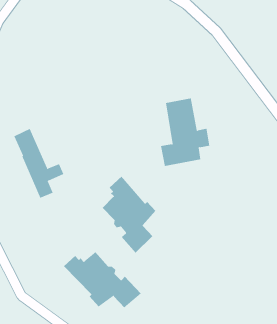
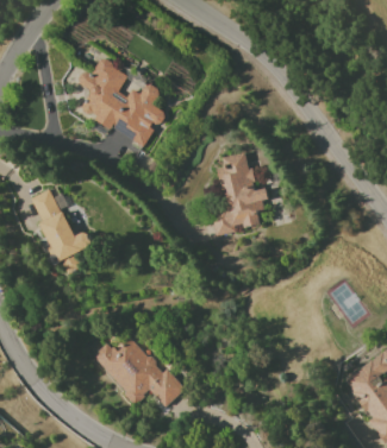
building: none -> [76,57,168,145]
building: [102,176,156,253] -> none

